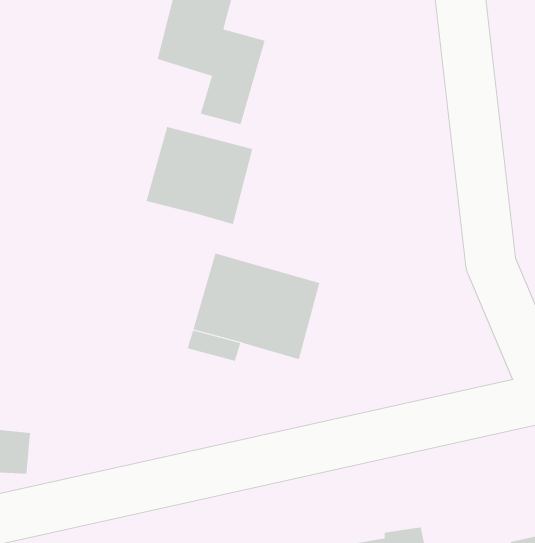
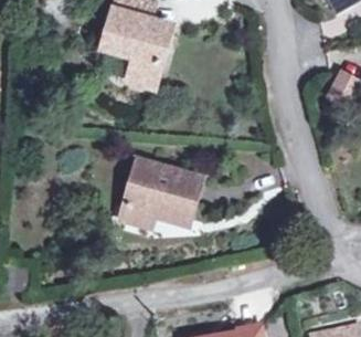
building: [146,126,253,225] -> none

